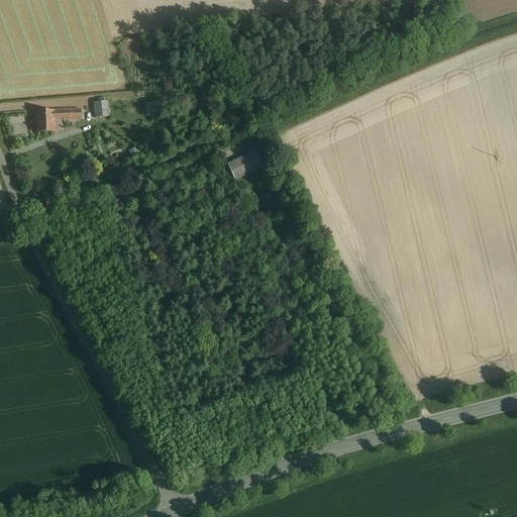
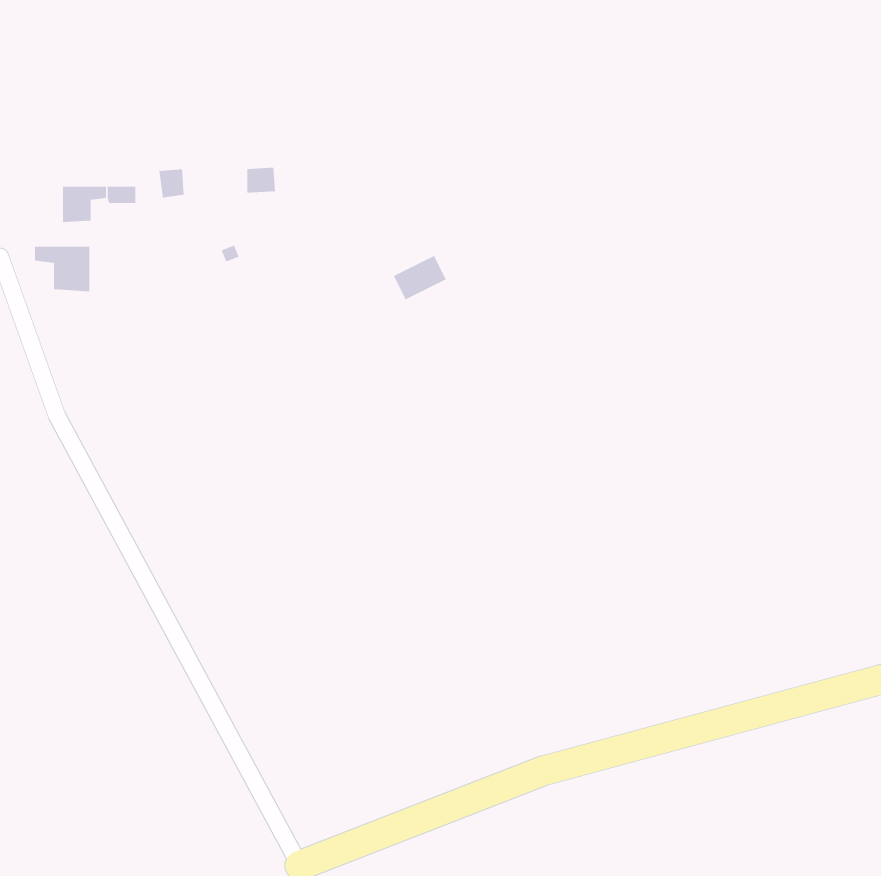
building: none -> [35,246,90,292]

